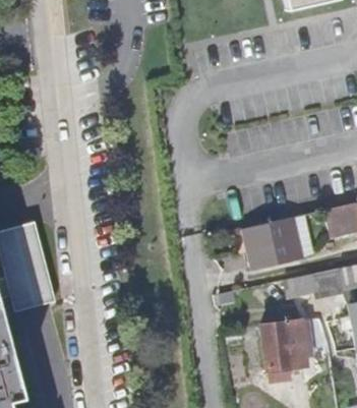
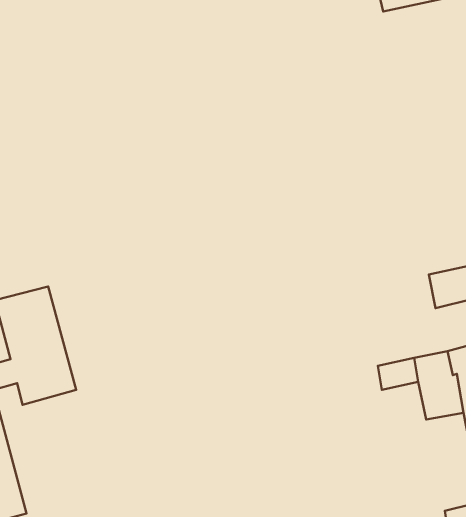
building: [245,218,303,268] -> none
building: [264,322,309,370] -> none

